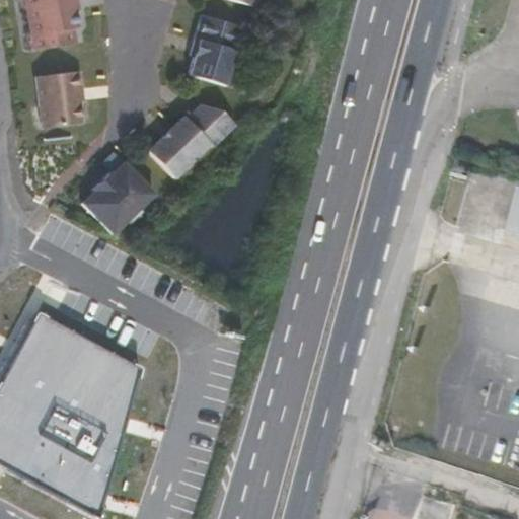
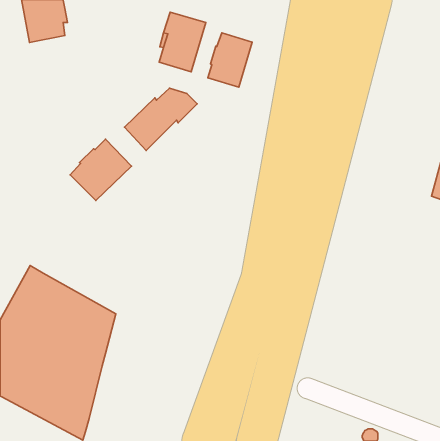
building: none -> [208,33,252,87]
building: [36,64,91,128] -> none

